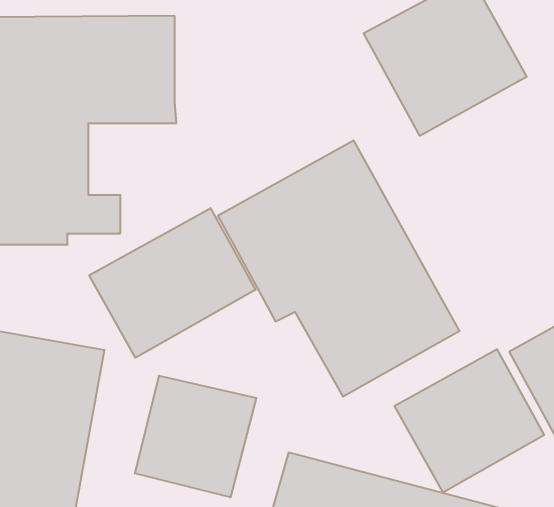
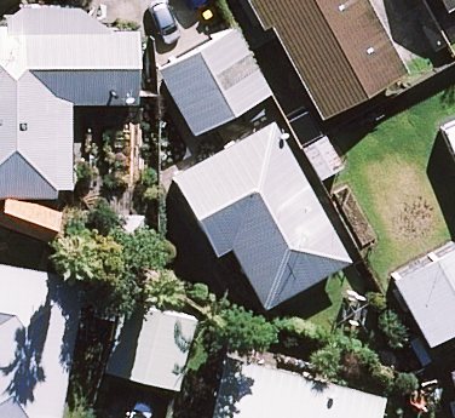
building: none -> [159,28,273,137]
building: [89,208,256,358] -> none
building: [395,349,544,492] -> none

